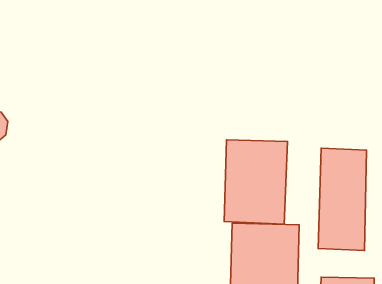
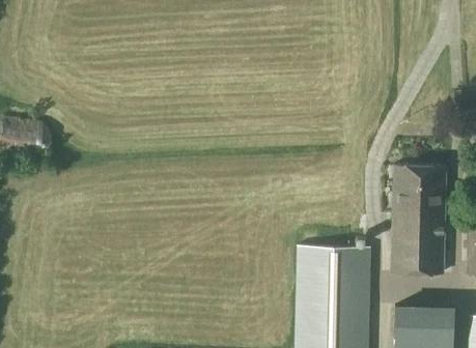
building: [224,140,287,224] -> none

